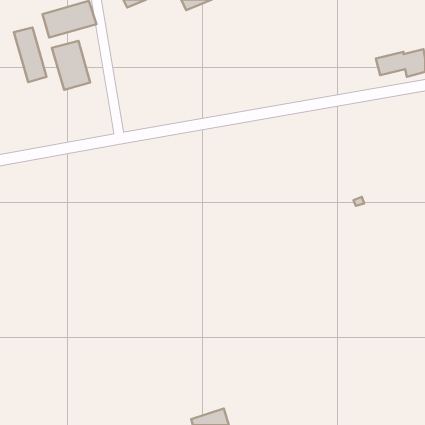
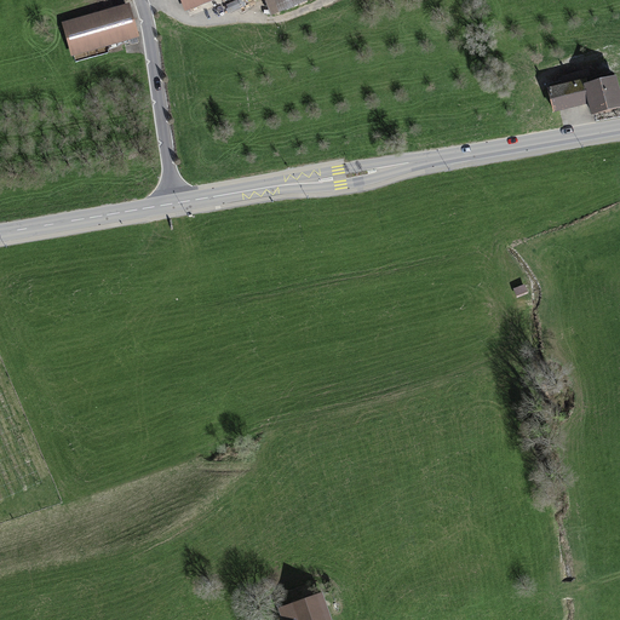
building: [14,28,47,82] -> none
building: [52,41,90,90] -> none

